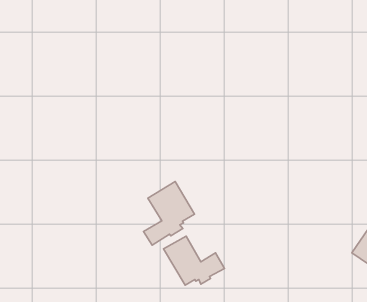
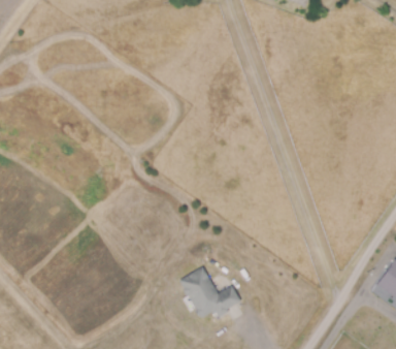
building: [143,181,195,245] -> none

